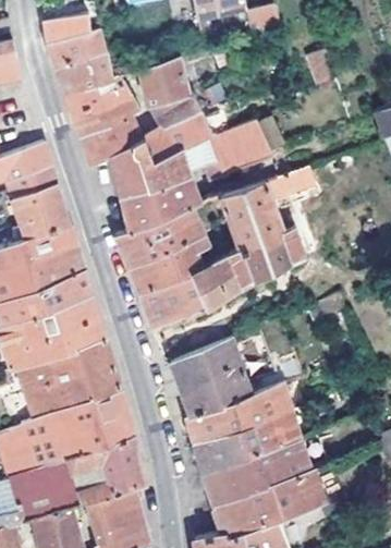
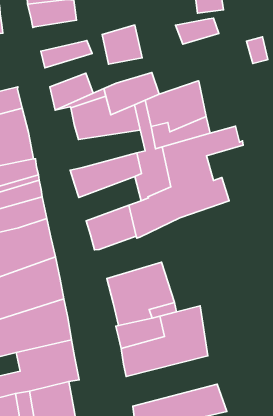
building: [59,57,112,97] -> none
building: [150,94,203,127] -> [175,18,219,44]
building: [75,95,138,138] -> none
building: [122,179,203,231] -> none
building: [129,236,203,294] -> none
building: [203,442,311,510] -> none

